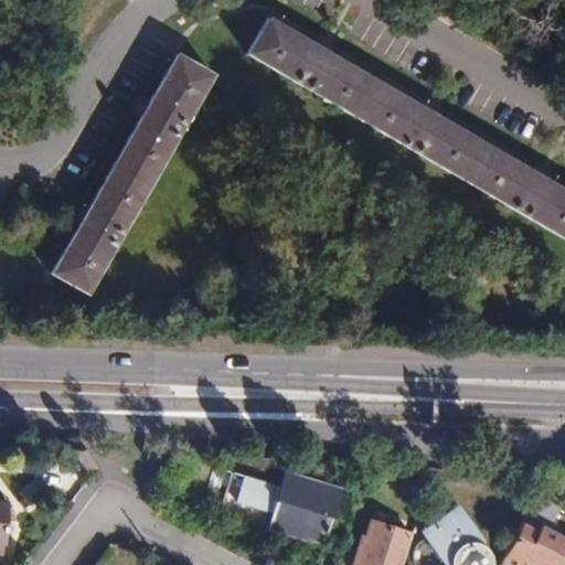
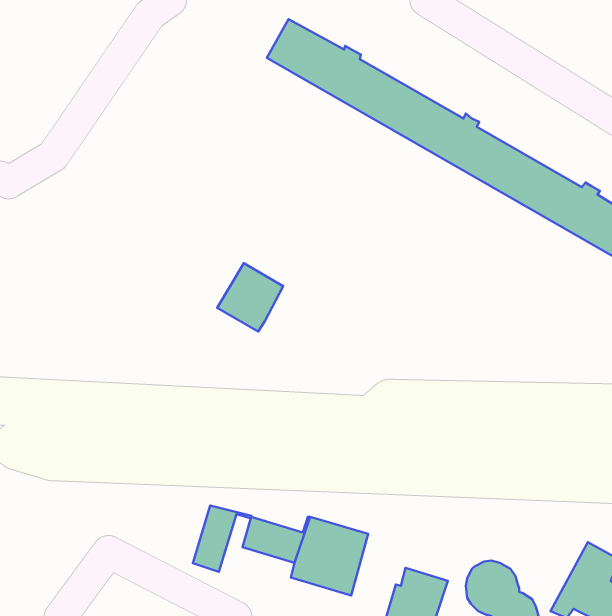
building: [52,55,215,296] -> none
building: none -> [217,263,283,331]
building: none -> [193,505,252,572]

